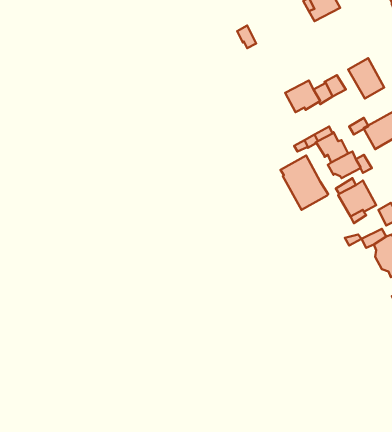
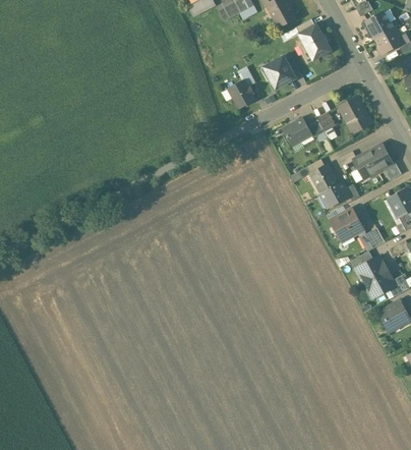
building: none -> [267,56,296,90]
building: none -> [229,81,254,108]
building: [281,156,328,210] -> none

